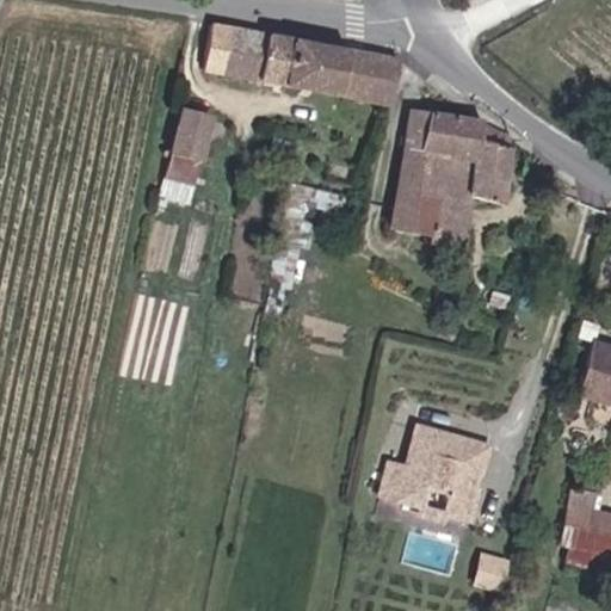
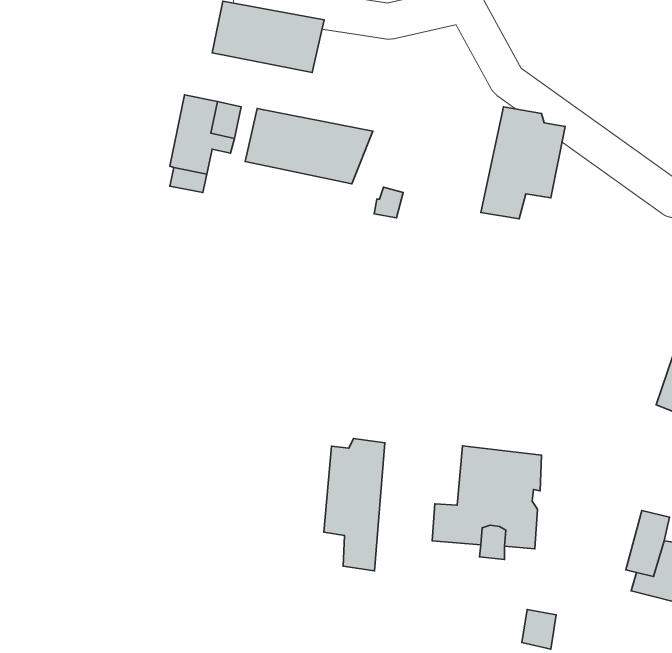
building: [284,37,400,105] -> [245,109,373,184]
building: [387,107,471,249] -> none
building: none -> [324,439,385,571]

